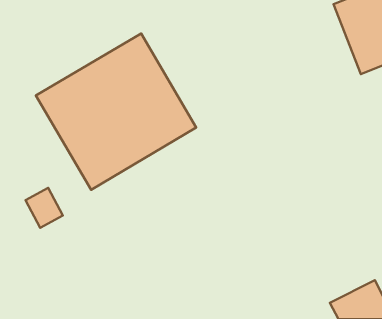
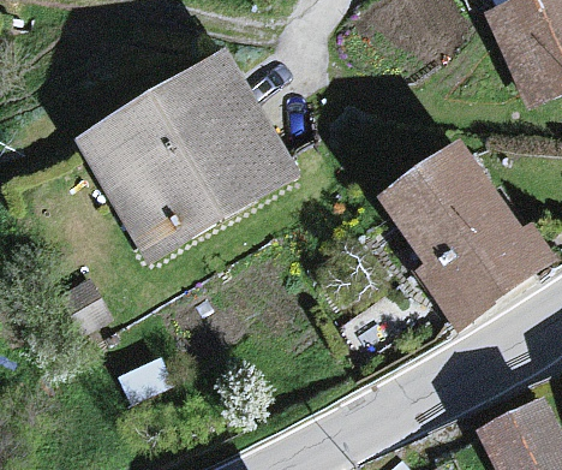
building: none -> [376,142,546,322]

